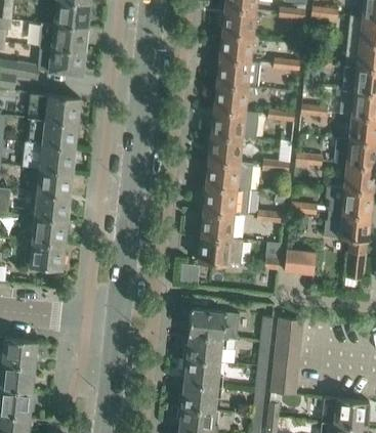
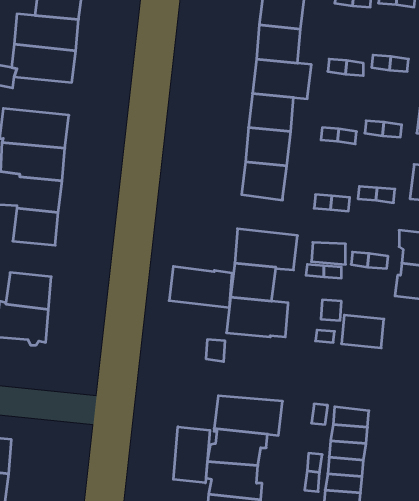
building: [205,161,252,191] -> [169,266,232,307]
building: [35,196,69,222] -> none
building: none -> [173,427,210,483]

